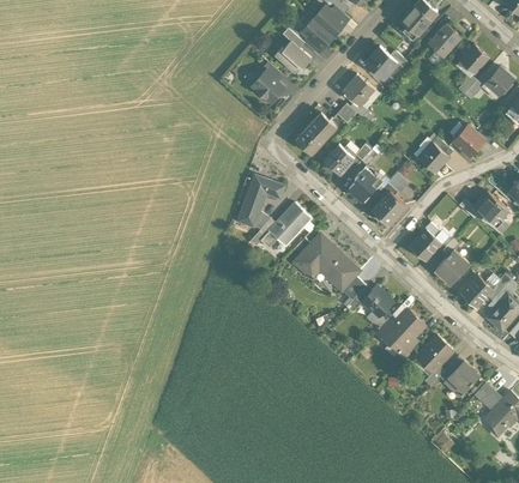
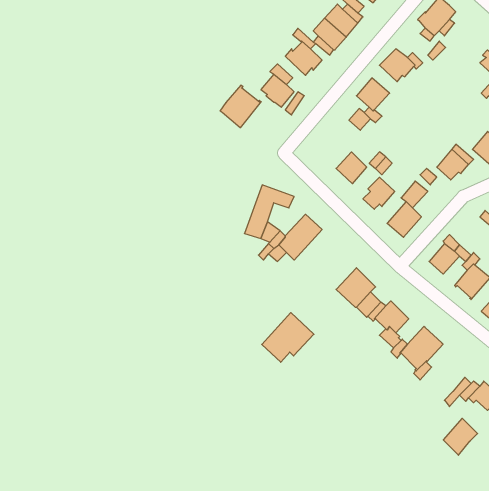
building: [428,24,460,58] -> none
building: none -> [220,85,261,128]
building: [296,114,334,153] -> none
building: [294,234,343,280] -> [262,313,314,362]
building: [420,336,452,370] -> [443,418,478,455]

